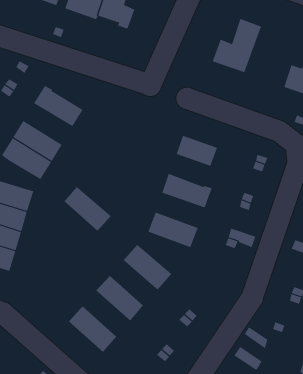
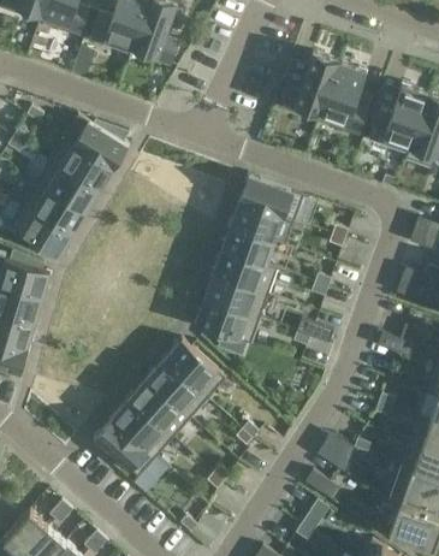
building: none -> [319,63,368,136]
building: none -> [73,120,127,168]
building: none -> [36,160,100,213]
building: none -> [239,175,304,221]
building: none -> [221,225,275,266]
building: [63,186,112,231] -> [147,360,208,418]
building: none -> [204,274,268,319]
building: none -> [112,398,173,457]

